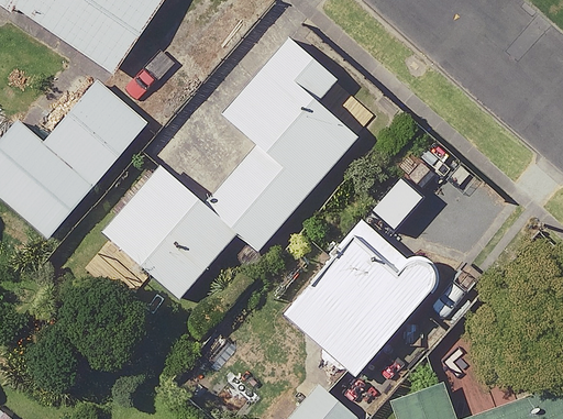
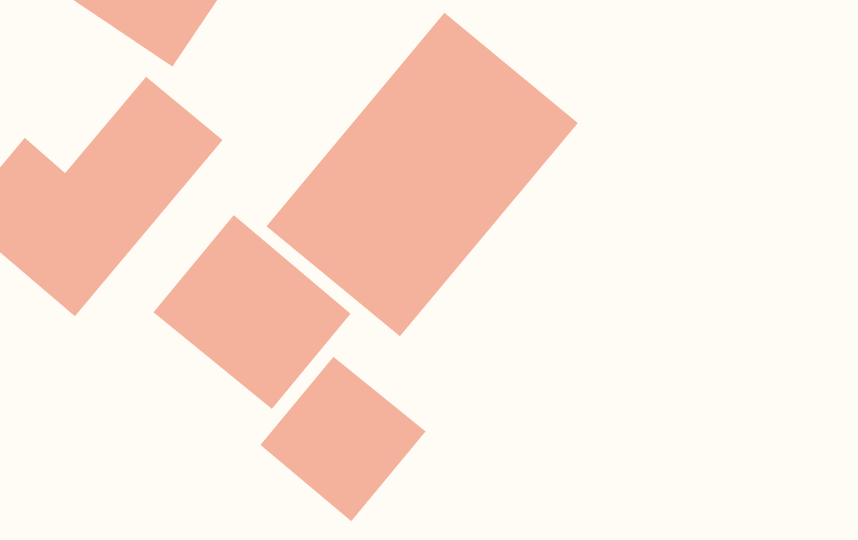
building: [283,236,440,375] -> none
building: none -> [260,356,427,522]

